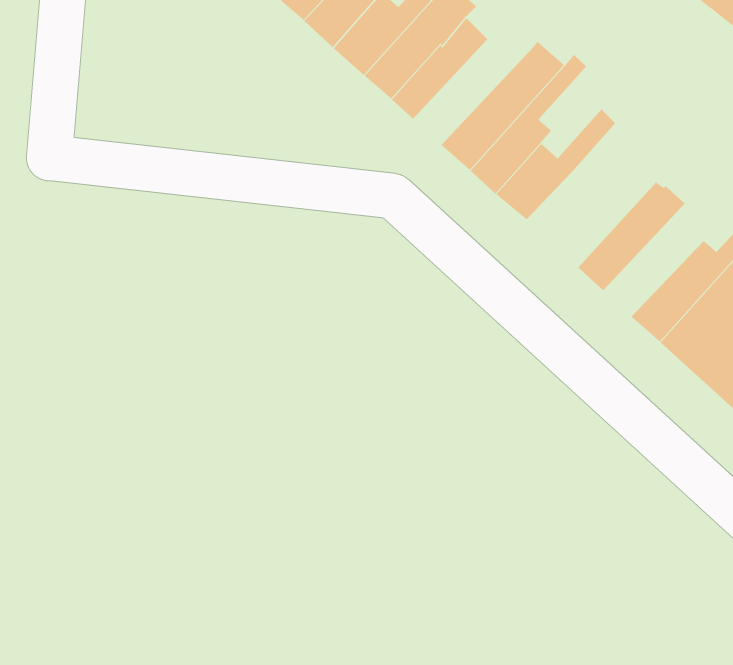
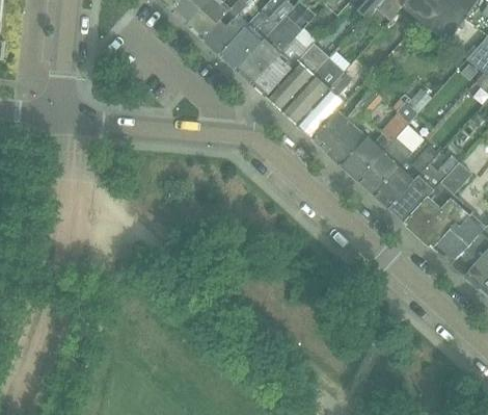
building: none -> [265,42,330,109]
building: none -> [329,87,431,179]
building: none -> [373,145,438,207]

